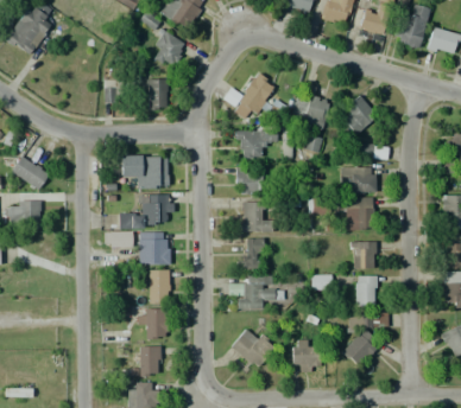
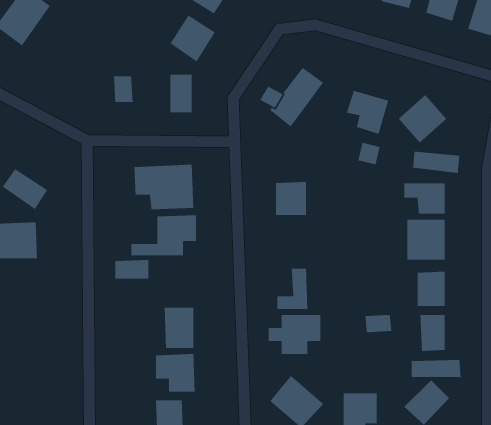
building: [235,130,278,158] -> none
building: [238,200,272,232] -> none
building: [138,231,170,266] -> none

